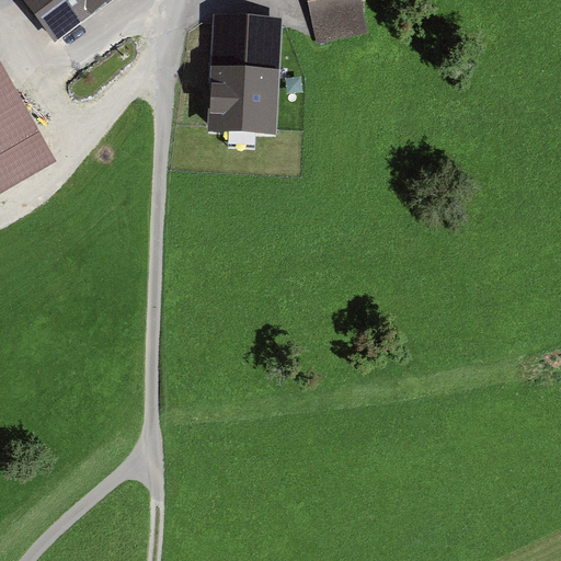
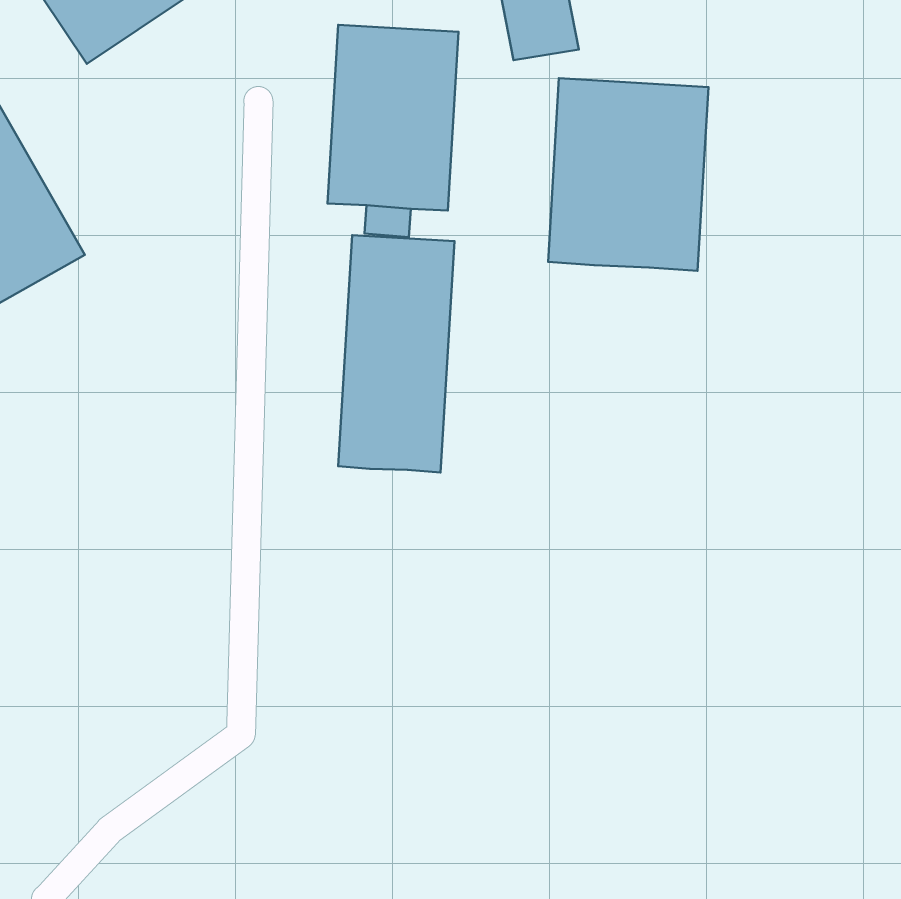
building: none -> [548,78,709,271]
building: none -> [338,235,454,472]

